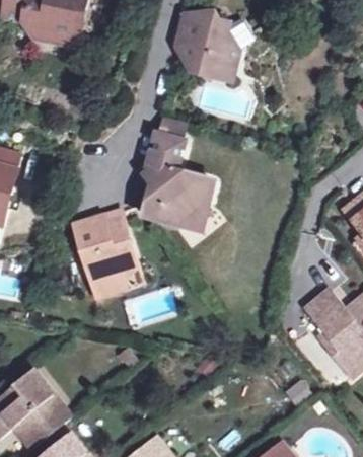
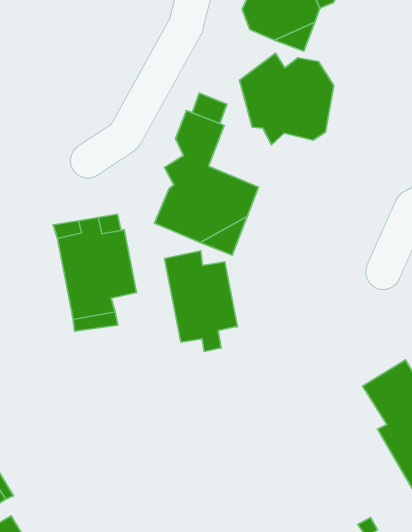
building: none -> [240,53,334,145]
building: none -> [165,251,238,352]

